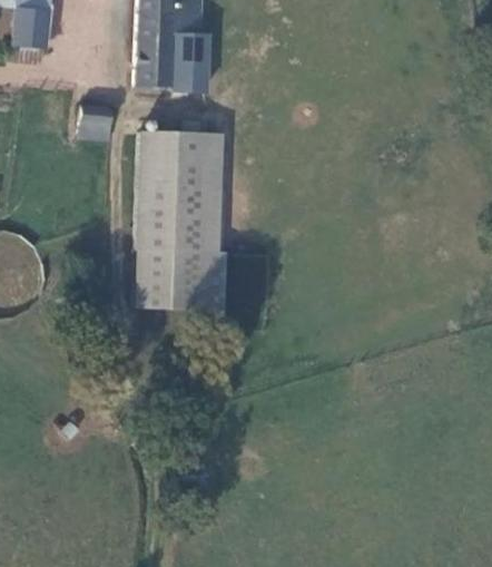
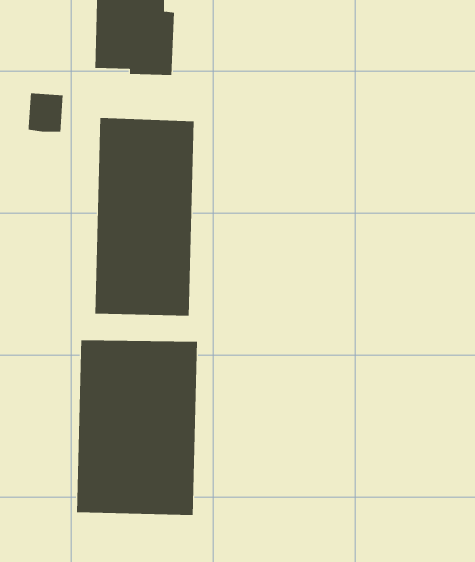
building: none -> [77,340,198,516]

